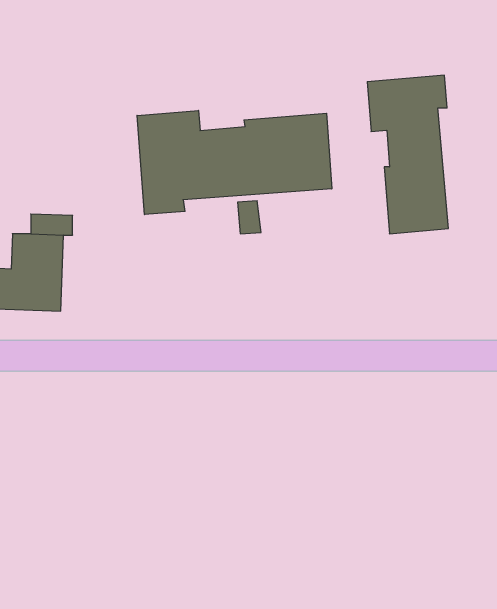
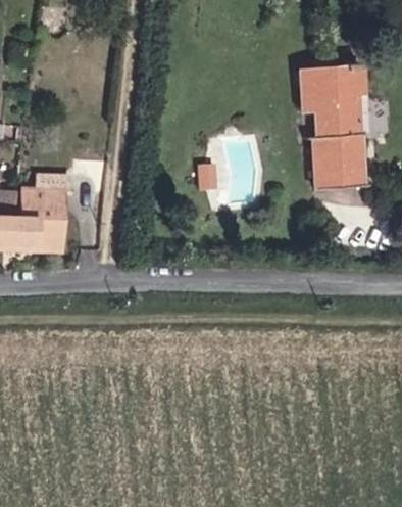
building: [137,110,332,215] -> none

